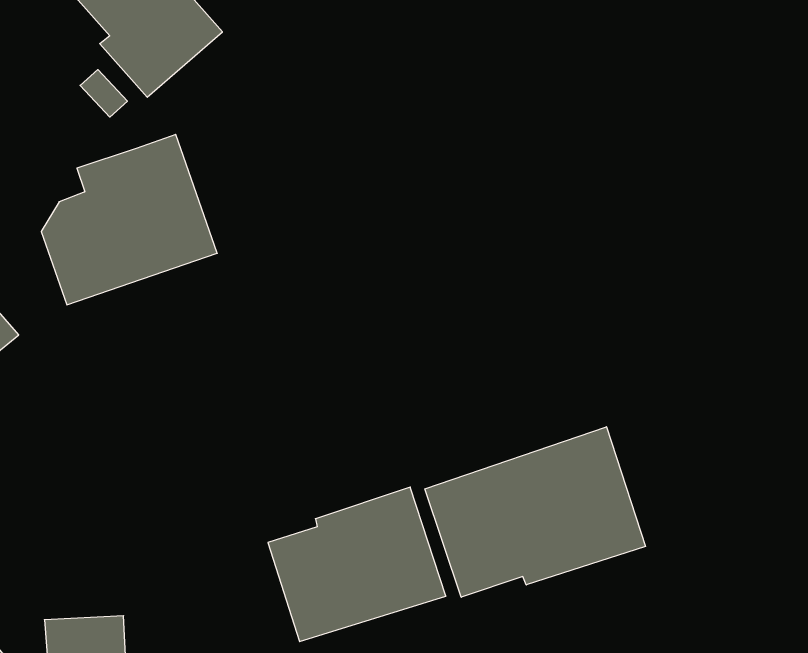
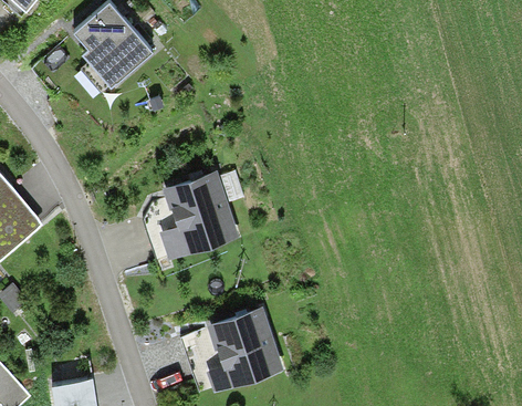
building: [41,134,217,305] -> [143,170,241,266]
building: [425,427,646,597] -> none

